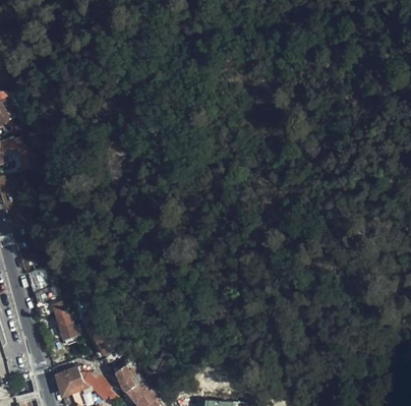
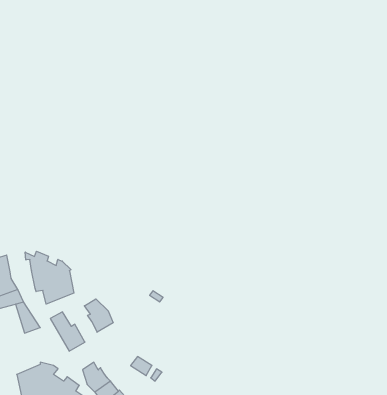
building: none -> [25,251,74,304]
building: none -> [84,299,113,332]

